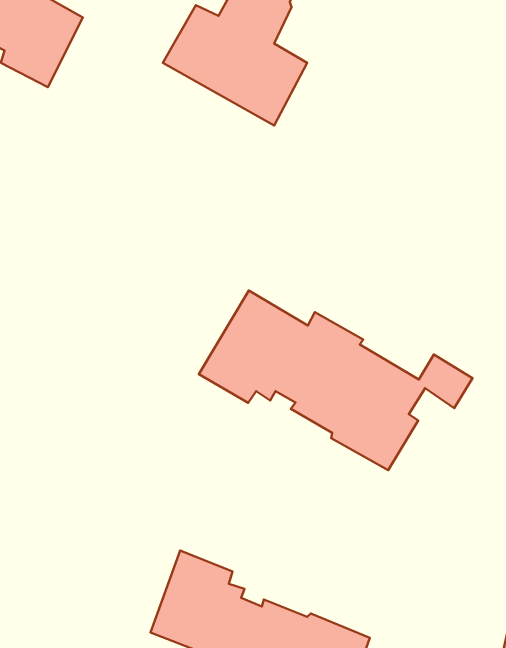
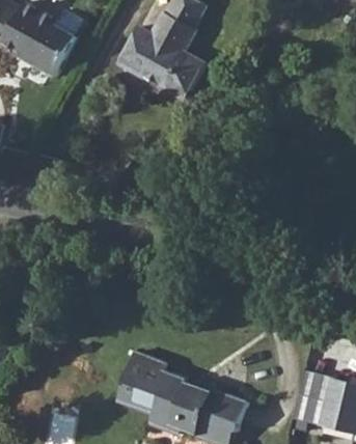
building: [199,291,472,470] -> none

